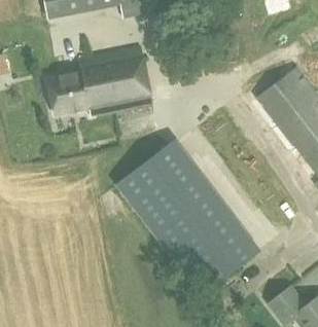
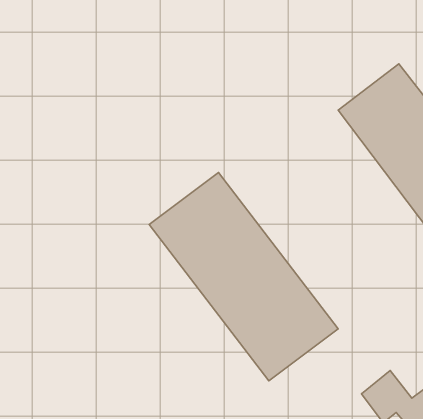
building: [49,45,153,115] -> none

